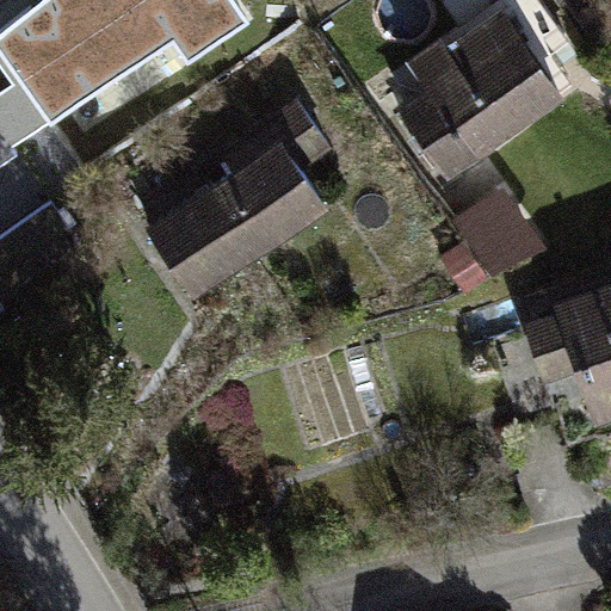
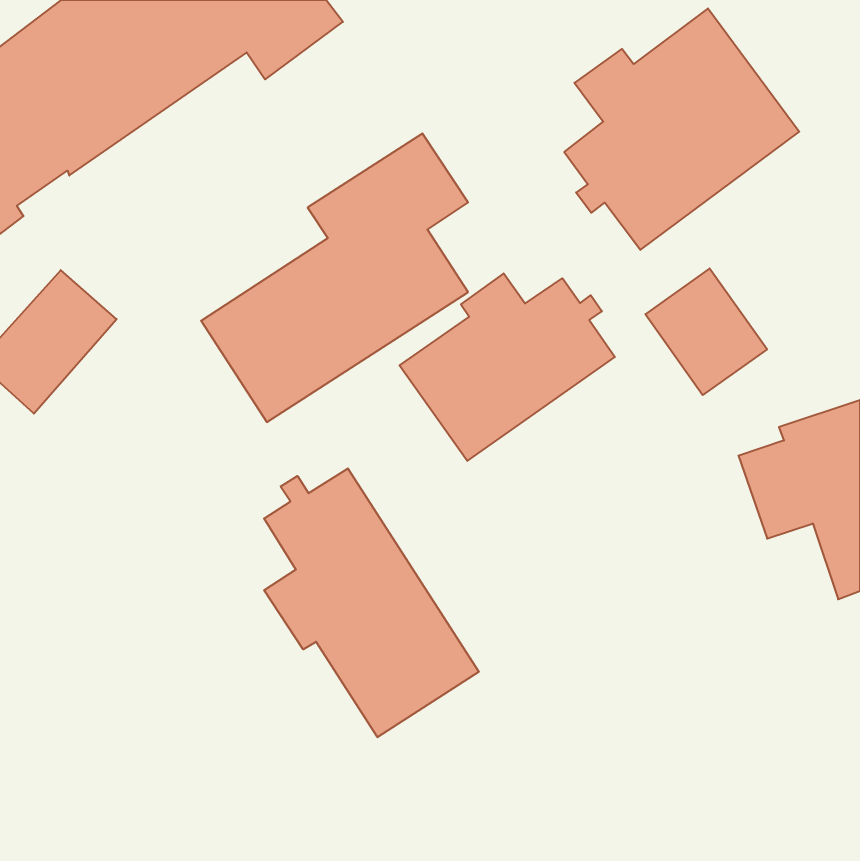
building: none -> [400,273,615,461]
building: none -> [264,468,479,737]

